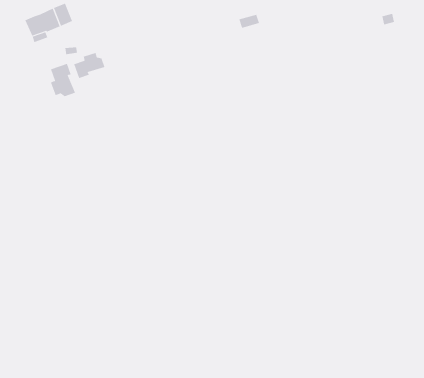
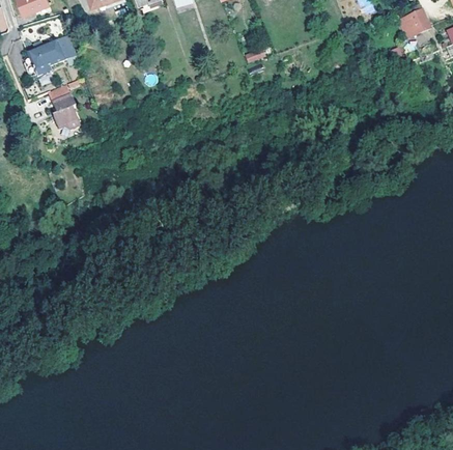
building: [74,52,105,79] -> none

